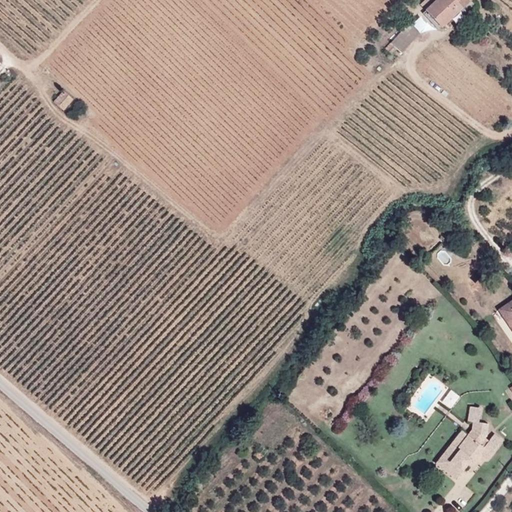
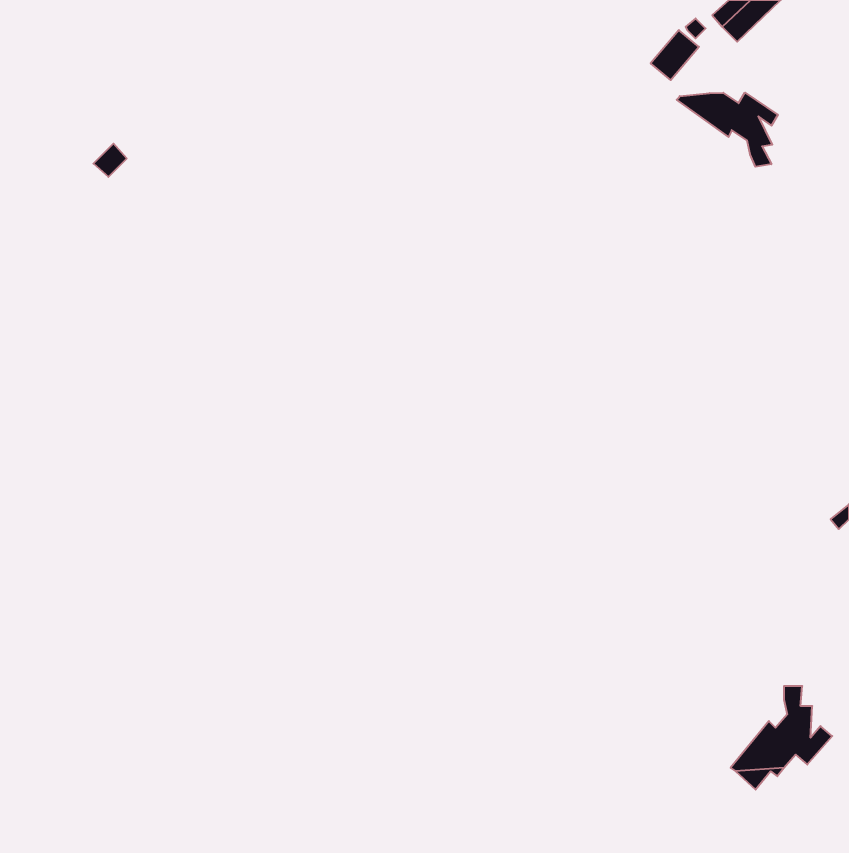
building: none -> [677,93,778,167]

